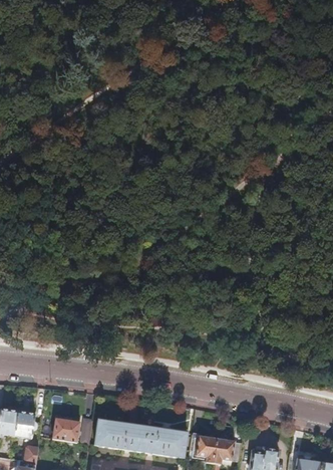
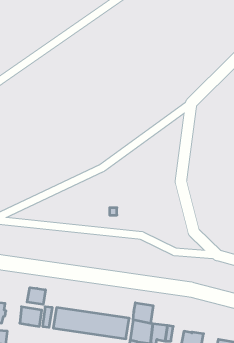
building: none -> [27,288,45,304]
building: none -> [133,303,153,323]

